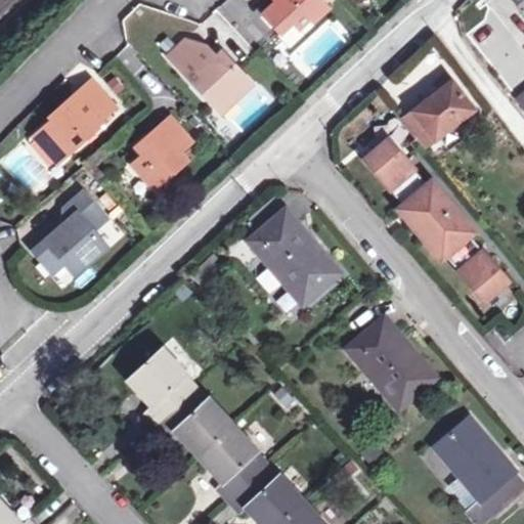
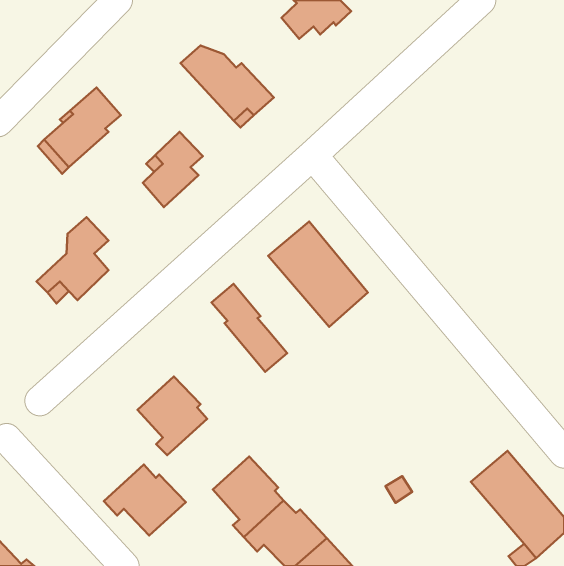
building: [414,83,480,147] -> none
building: [363,137,506,298] -> none
building: none -> [212,284,287,372]
building: [347,315,435,407] -> none
building: [155,387,230,452] -> [104,465,186,535]

